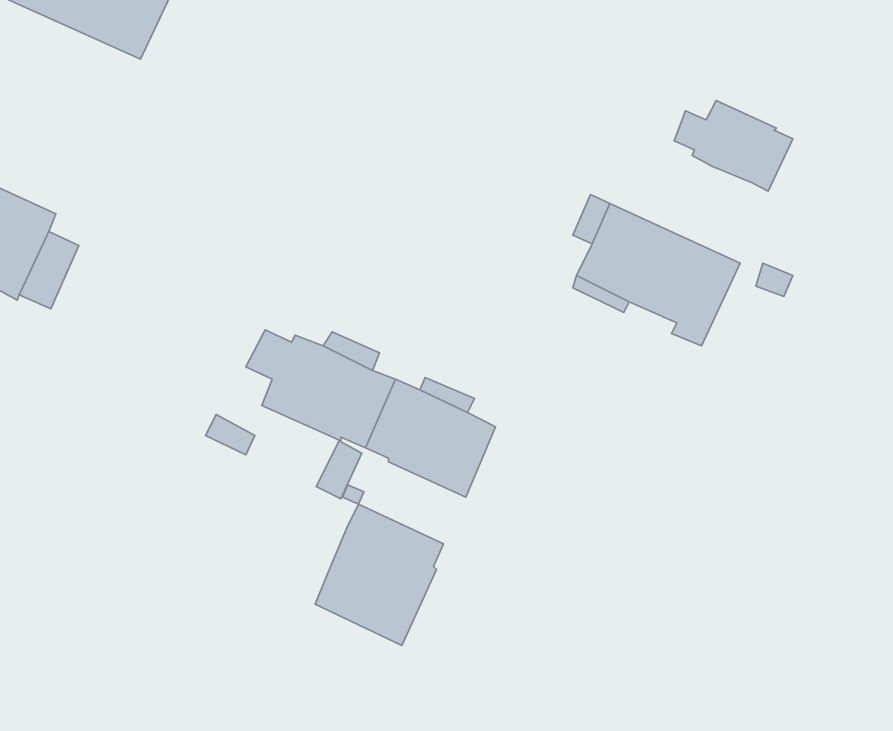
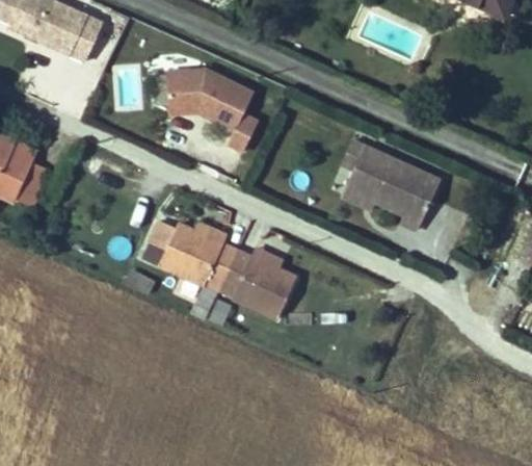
building: none -> [166,69,258,150]
building: [674,100,793,191] -> none
building: [315,504,443,646] -> none

